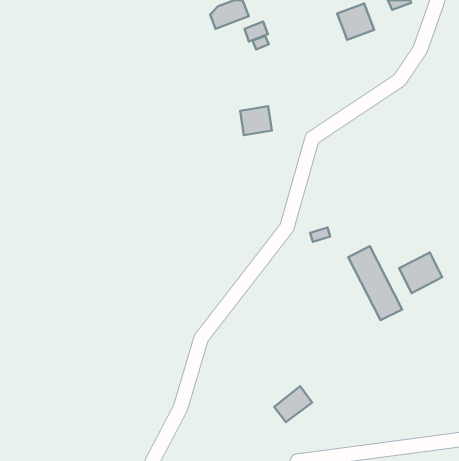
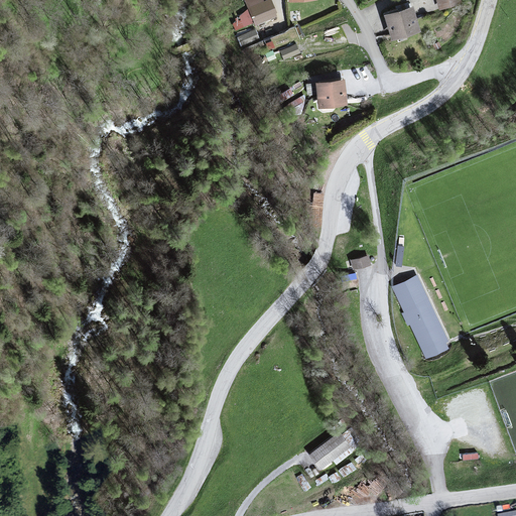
building: [240,106,272,135] -> [311,77,347,109]
building: [399,252,442,293] -> none

